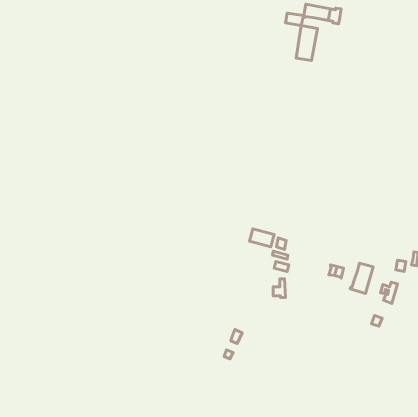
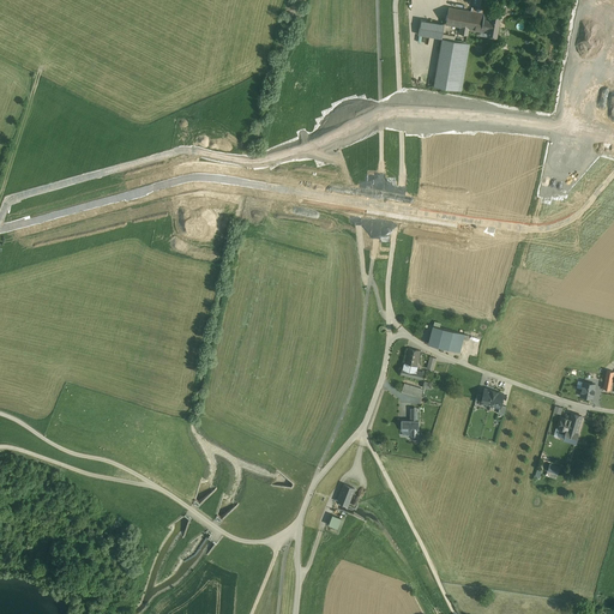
building: [250,229,274,247] -> [428,327,464,354]
building: [350,263,373,293] -> none

